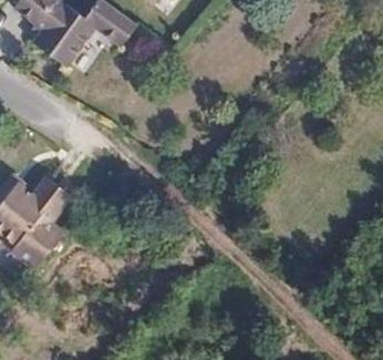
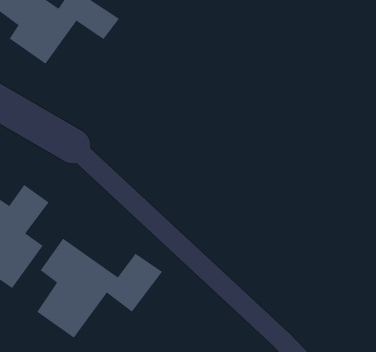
building: none -> [36,238,163,339]

